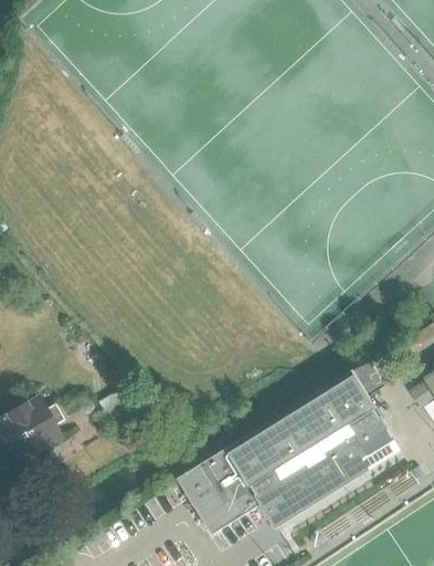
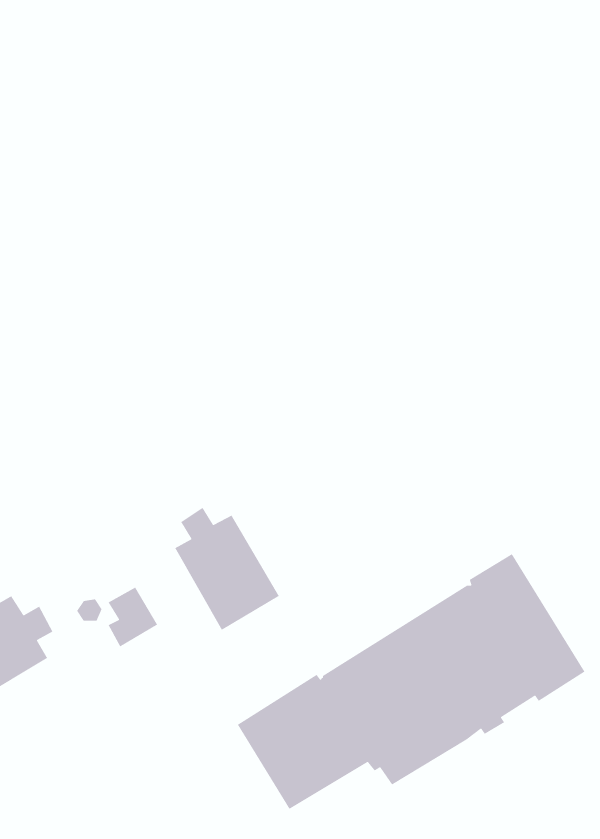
building: none -> [174,507,280,631]

